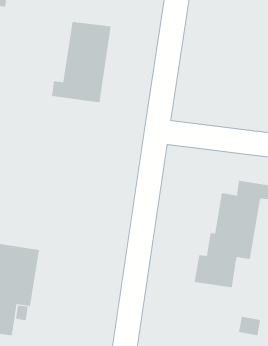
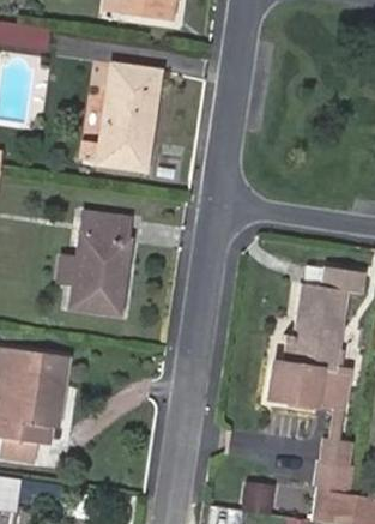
building: none -> [58,213,131,314]
building: none -> [314,366,350,409]

